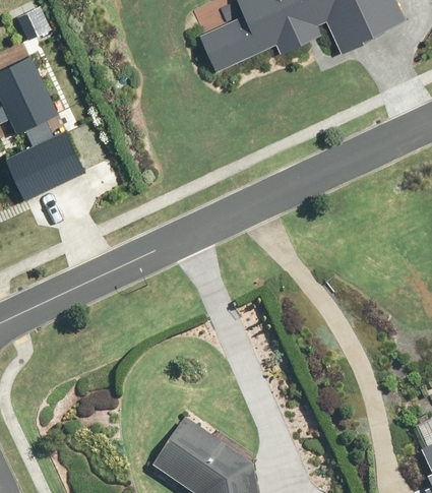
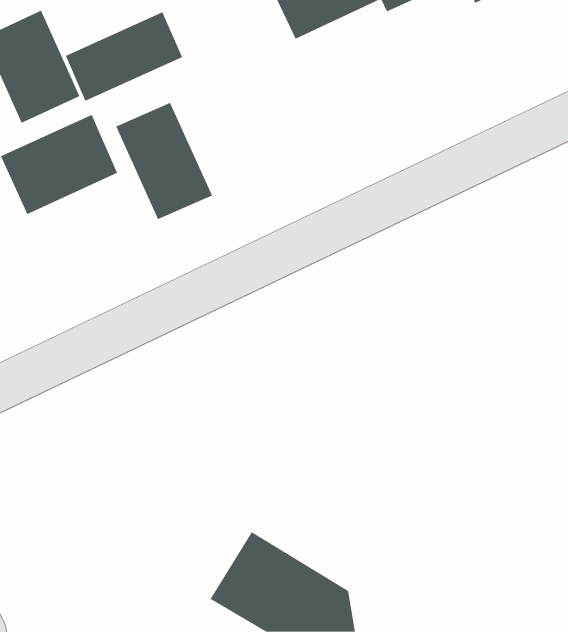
building: none -> [65,11,183,102]
building: none -> [115,102,213,220]

